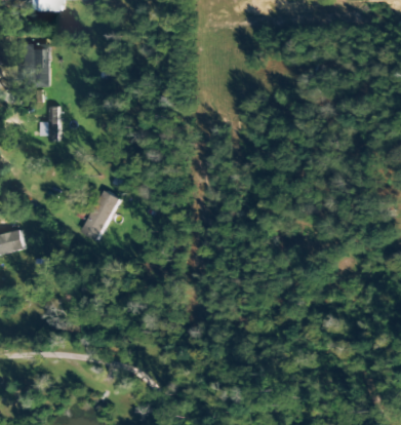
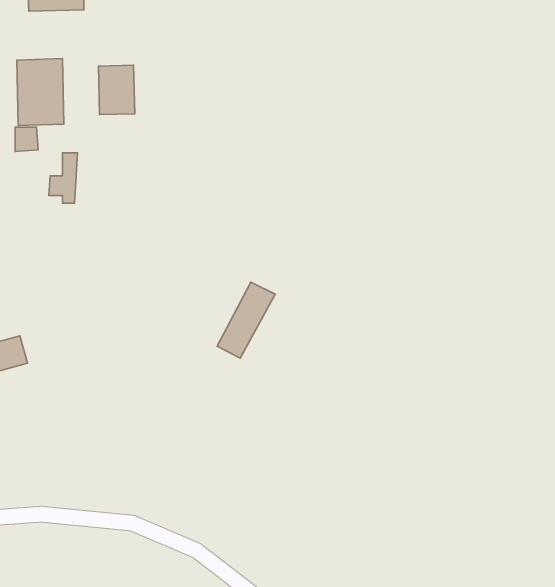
building: none -> [99,65,135,115]
building: [83,189,122,240] -> [217,282,275,358]

